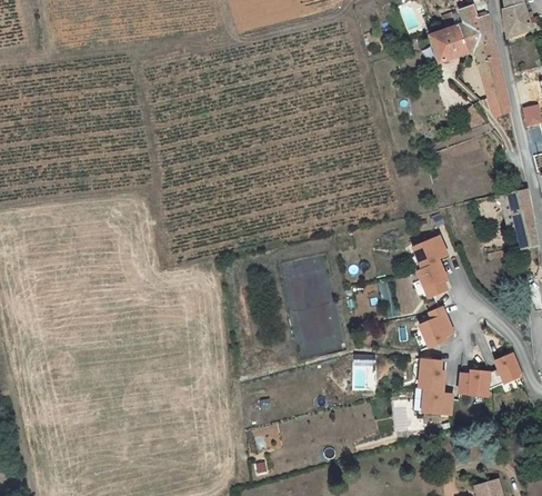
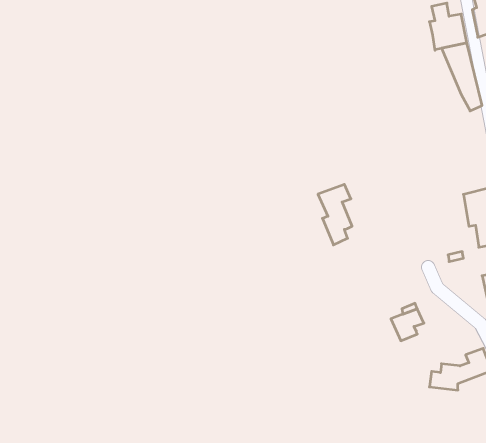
building: [428,8,463,59] -> none
building: [413,236,448,297] -> [318,184,352,245]
building: [418,358,451,413] -> none

